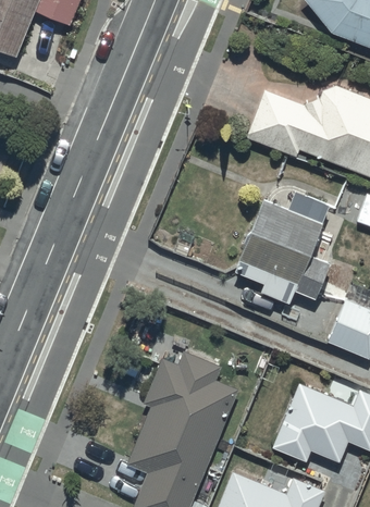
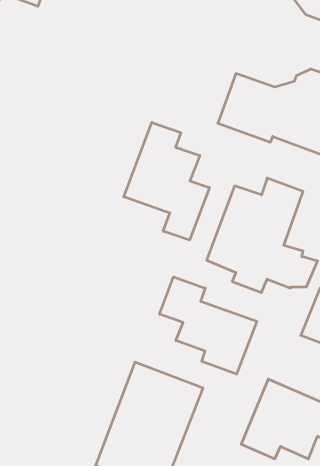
building: none -> [124,122,209,240]
building: none -> [160,277,257,374]

